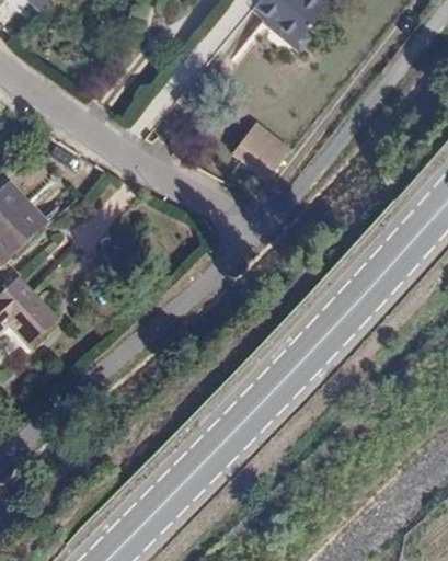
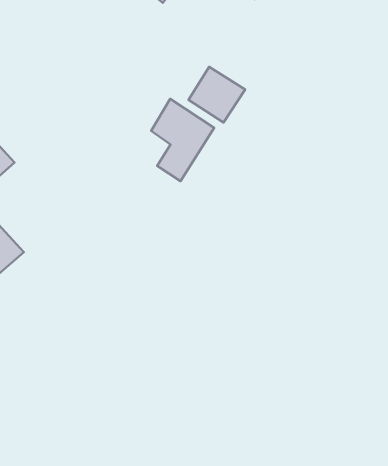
building: none -> [151,99,214,181]

